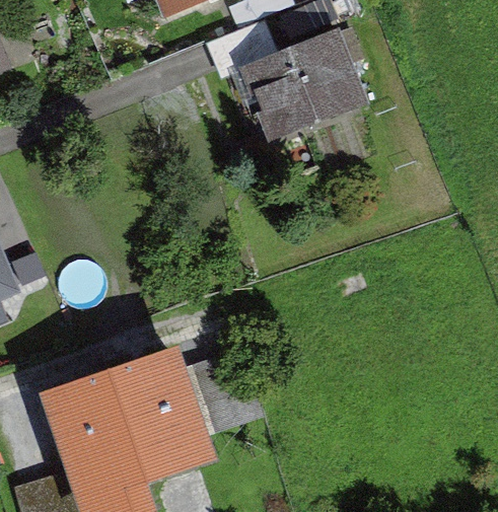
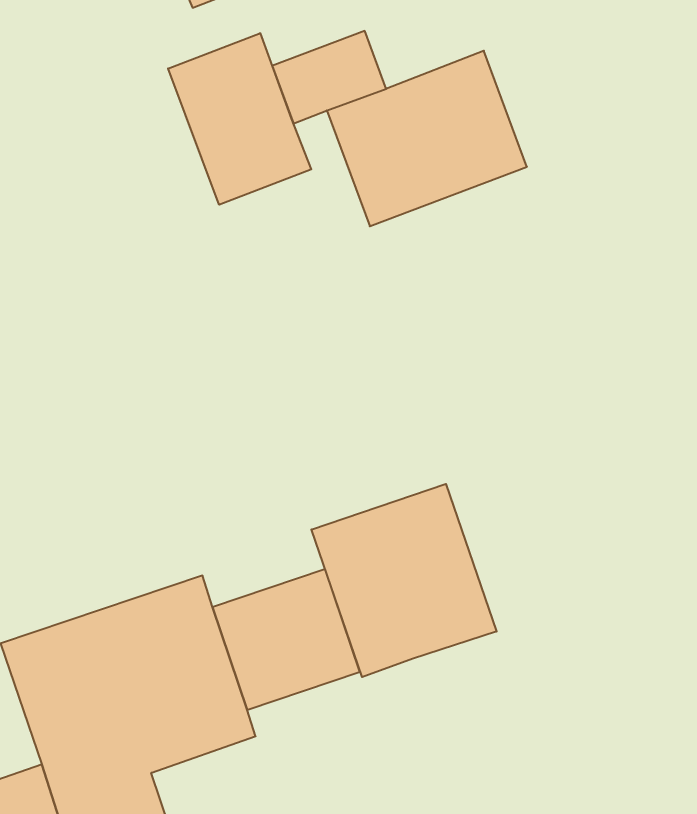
building: none -> [168,33,311,205]
building: none -> [311,484,497,677]

